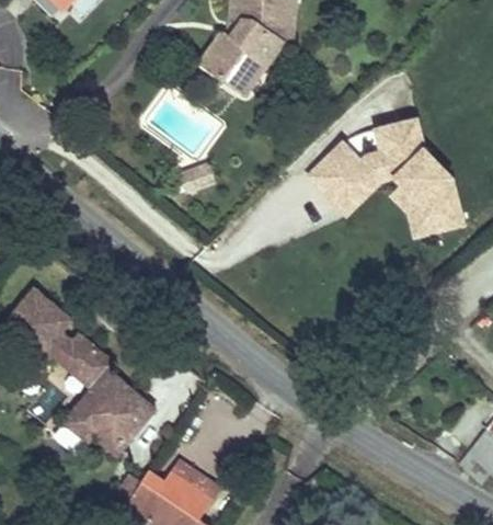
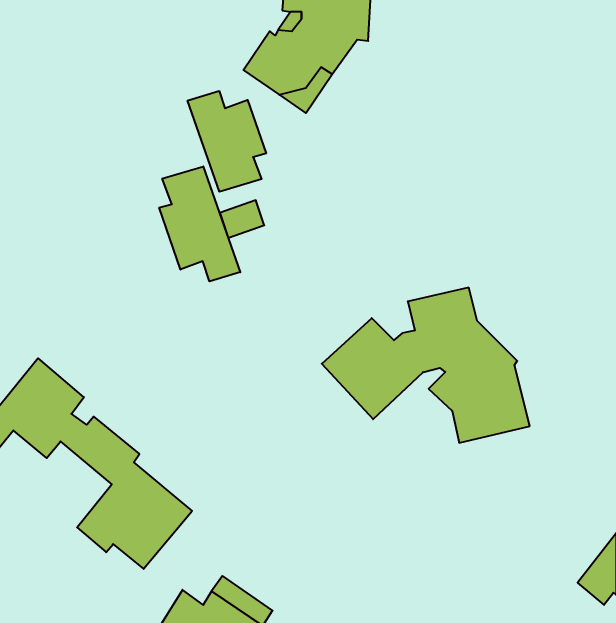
building: none -> [188,91,266,192]
building: [303,114,468,237] -> [322,288,530,443]
building: none -> [159,166,240,281]

